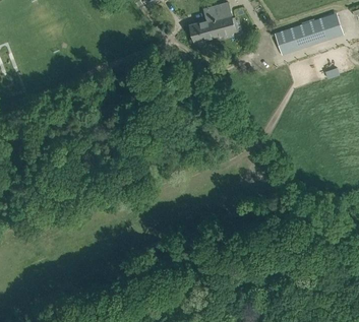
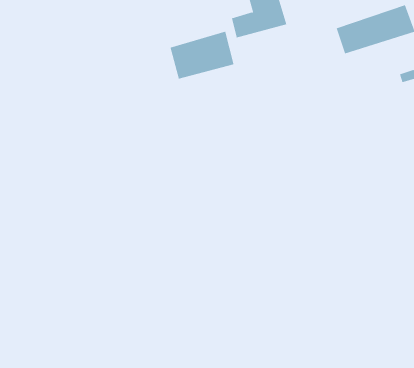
building: none -> [170,31,234,79]

